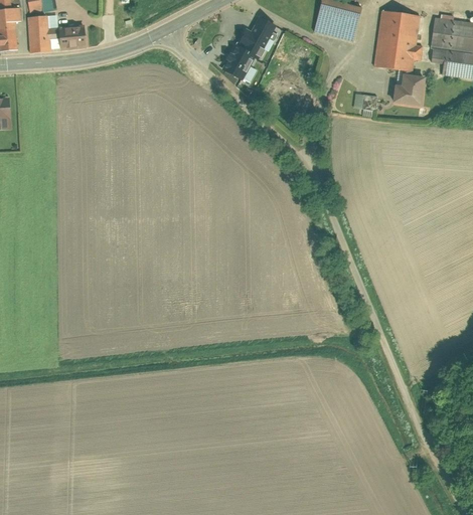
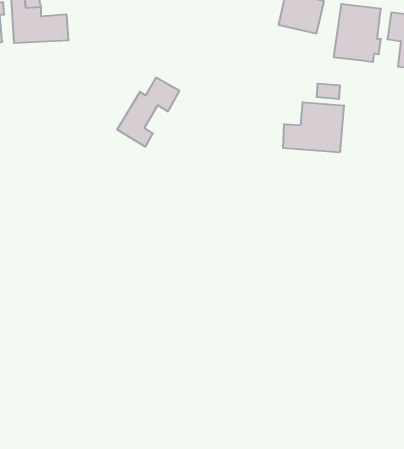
building: [218,14,285,88] -> [117,78,179,147]
building: [395,69,427,105] -> none
building: none -> [283,102,344,152]

